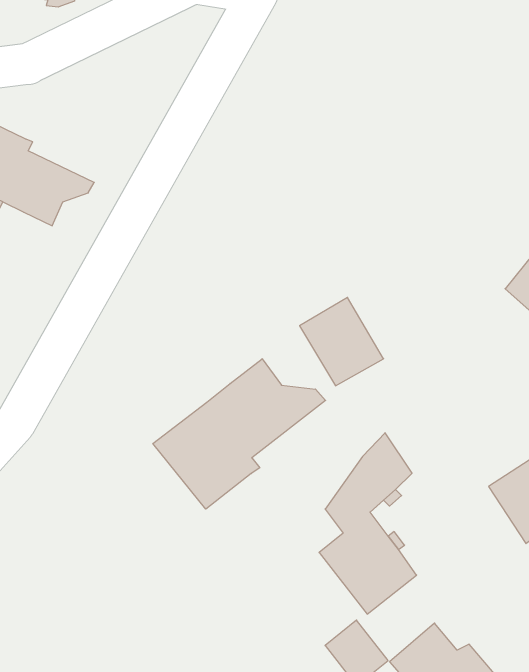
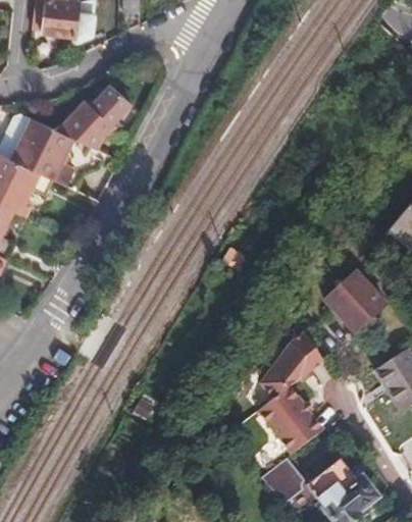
building: none -> [58,85,128,147]
building: [300,297,384,386] -> [321,281,378,342]
building: [153,359,326,509] -> none

